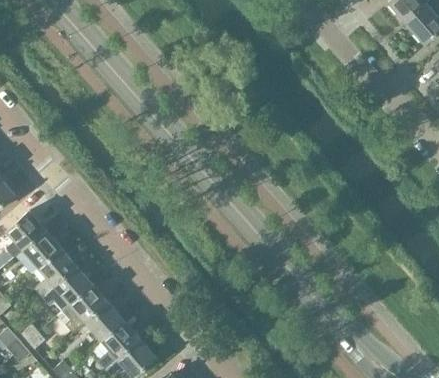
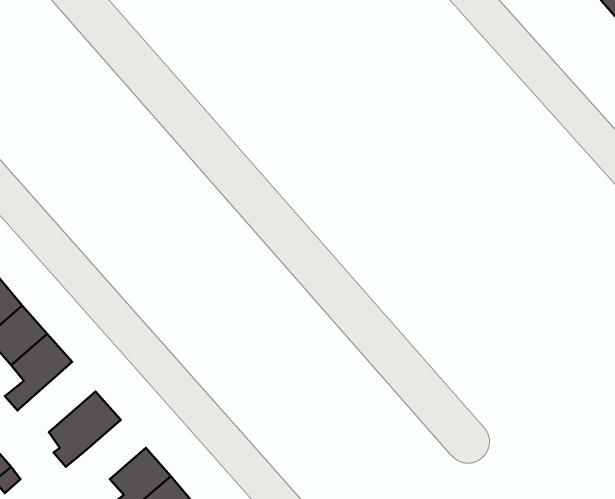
building: [43,266,92,311] -> none
building: [85,303,124,341] -> none

